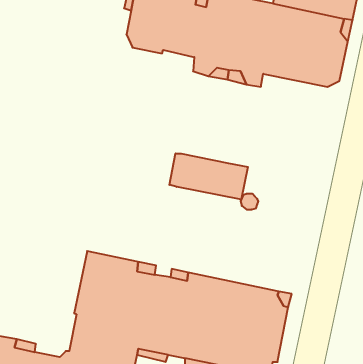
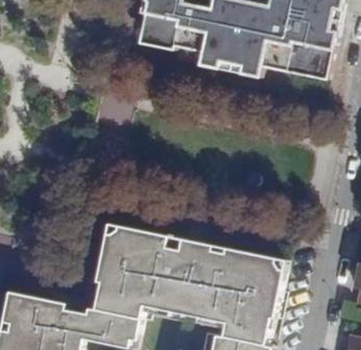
building: [169,153,248,199] -> none

